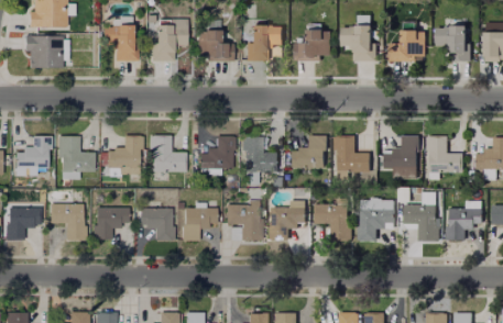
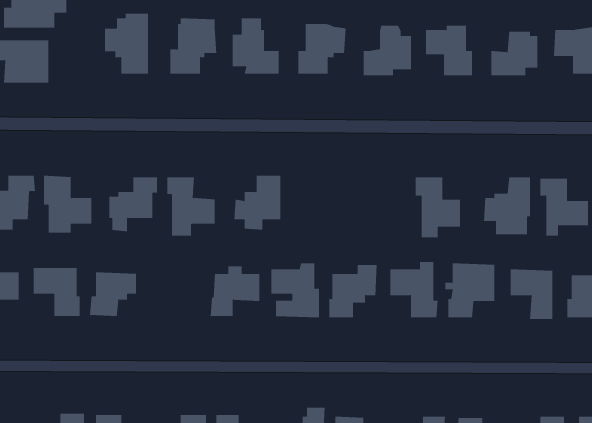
building: [241,136,276,176] -> none
building: [293,136,326,169] -> none
building: [139,208,171,241] -> none

